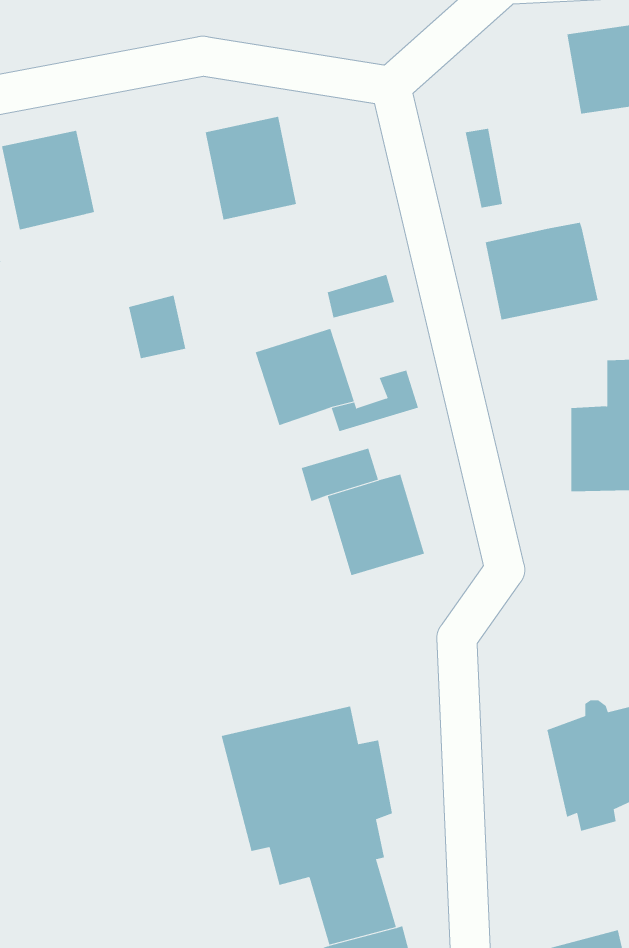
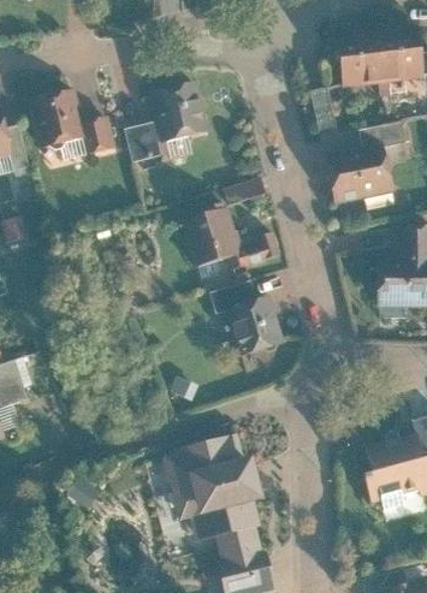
building: none -> [328,31,378,87]
building: none -> [81,115,115,156]
building: none -> [355,121,402,148]
building: [128,295,186,359] -> [125,121,160,160]

